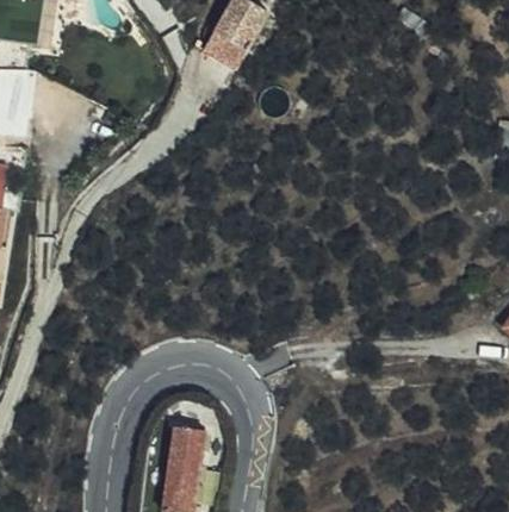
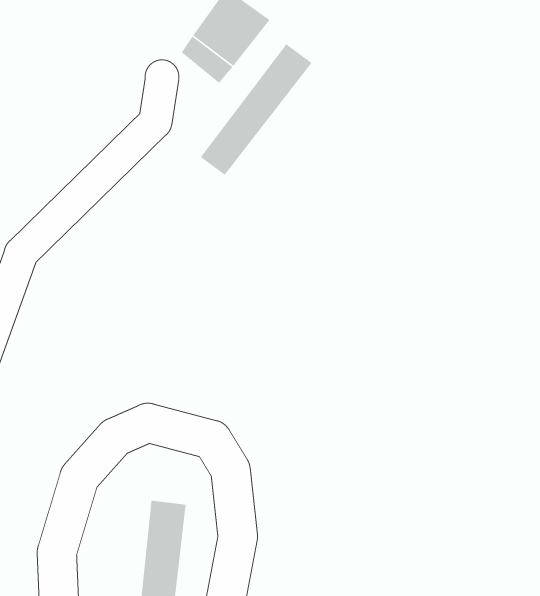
building: none -> [200,43,312,176]

